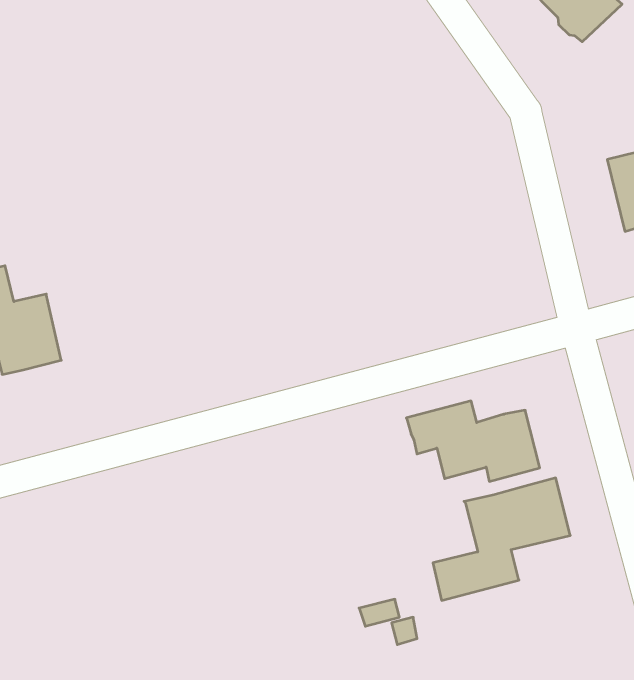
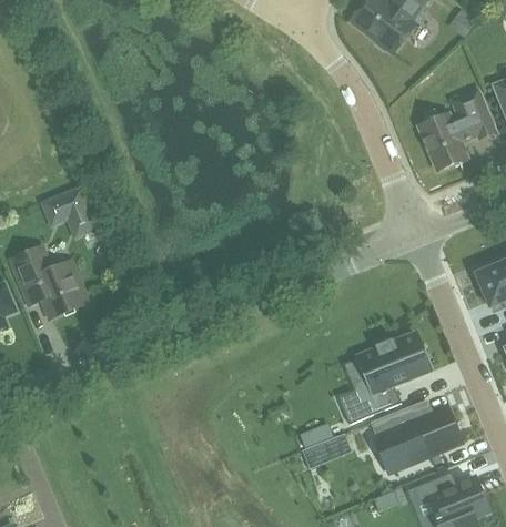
building: none -> [57,185,94,235]
building: [406,401,540,481] -> [368,406,458,458]

